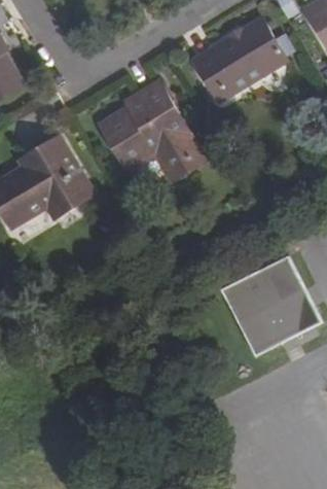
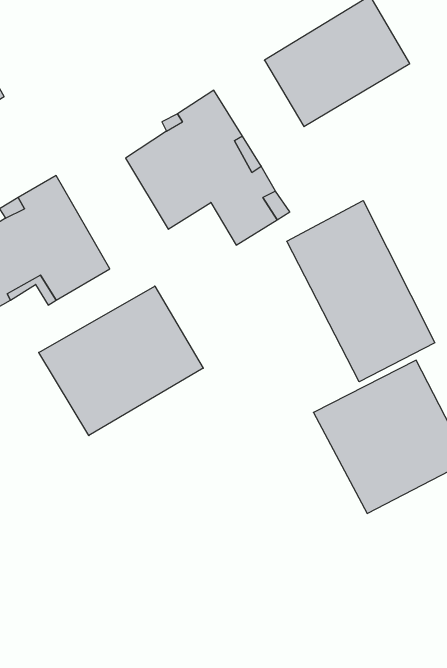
building: none -> [287,201,435,382]
building: none -> [39,286,203,436]

